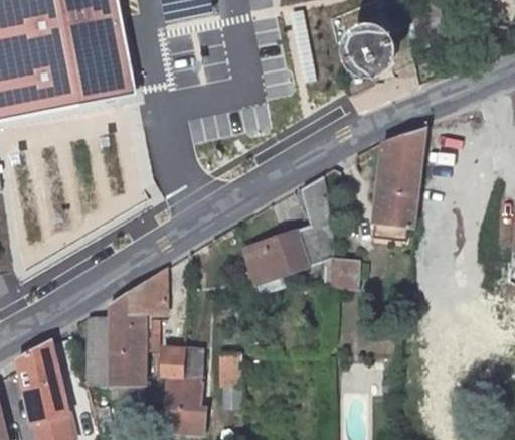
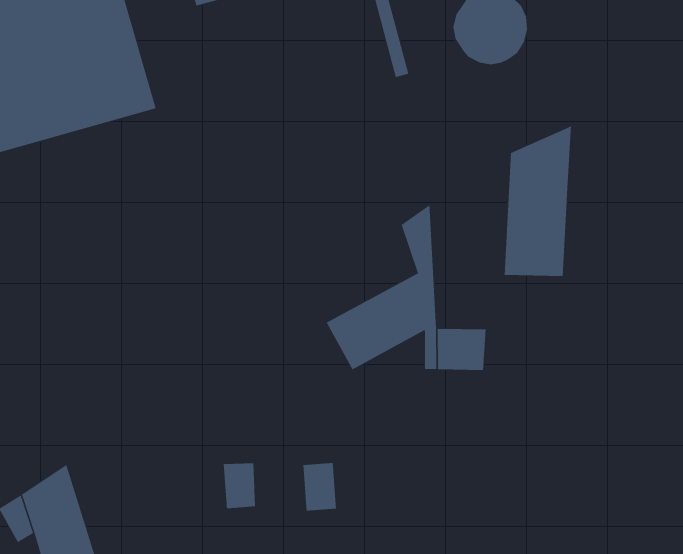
building: [92,266,169,387] -> none
building: [172,378,204,407] -> none

